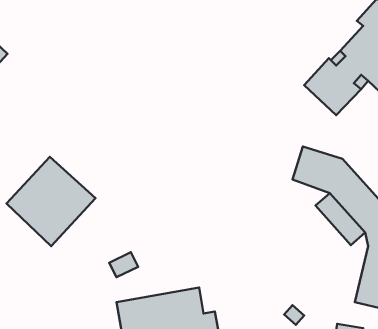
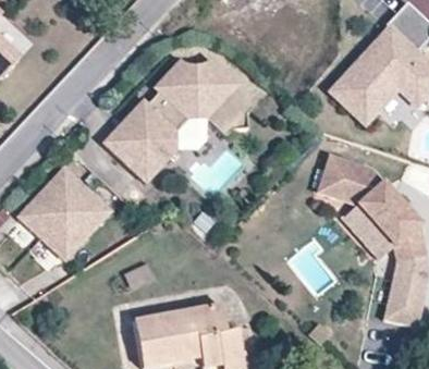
building: none -> [102,58,252,181]

